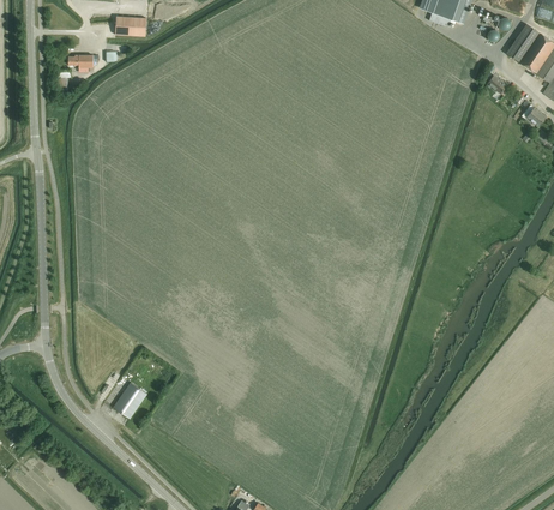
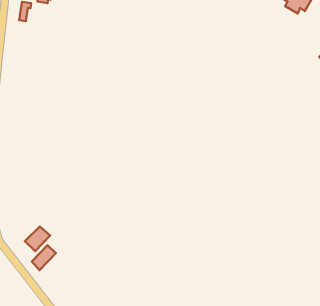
building: none -> [32,245,56,270]

